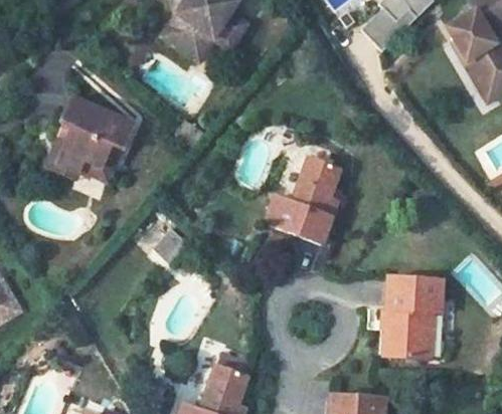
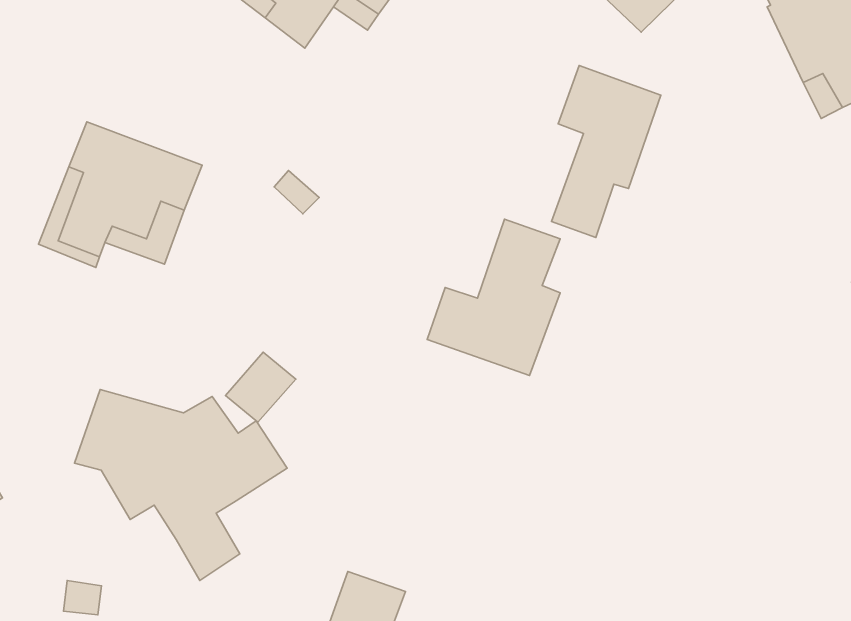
building: none -> [551,66,661,237]
building: none -> [75,390,287,580]
building: [383,273,441,357] -> none

